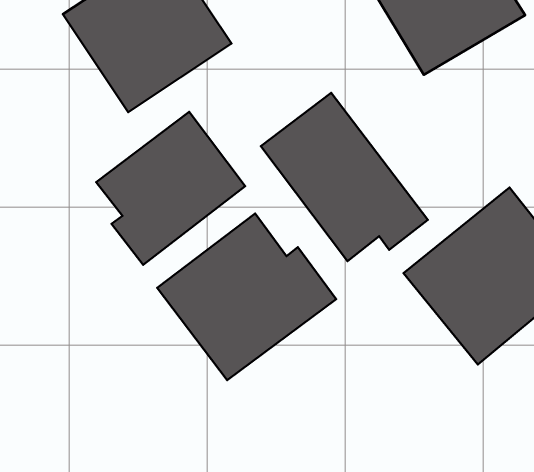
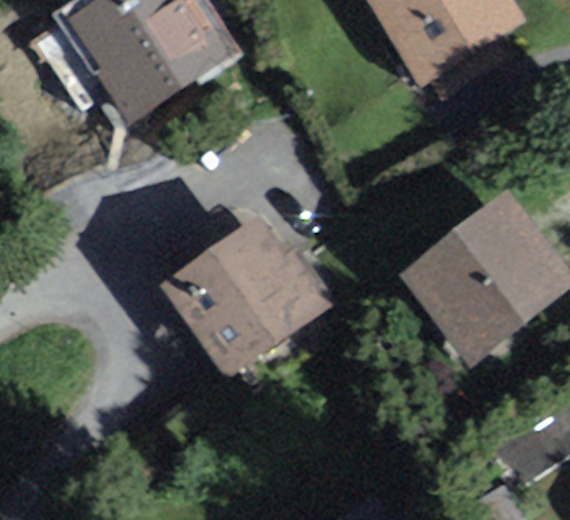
building: [261,93,428,261] -> none
building: [96,112,245,265] -> none

